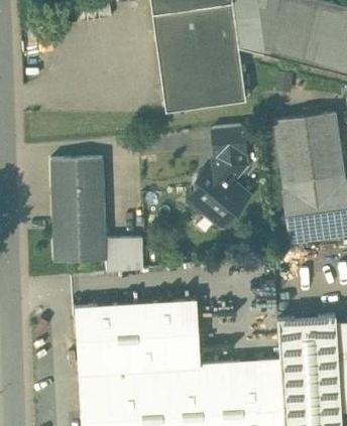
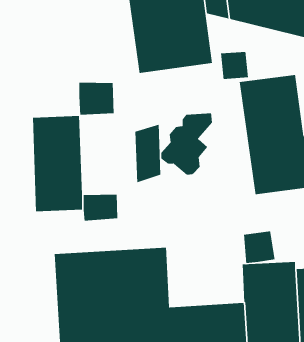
building: none -> [79,82,114,115]
building: [213,127,244,157] -> [220,51,249,79]
building: none -> [135,124,161,183]
building: none -> [243,231,275,264]

